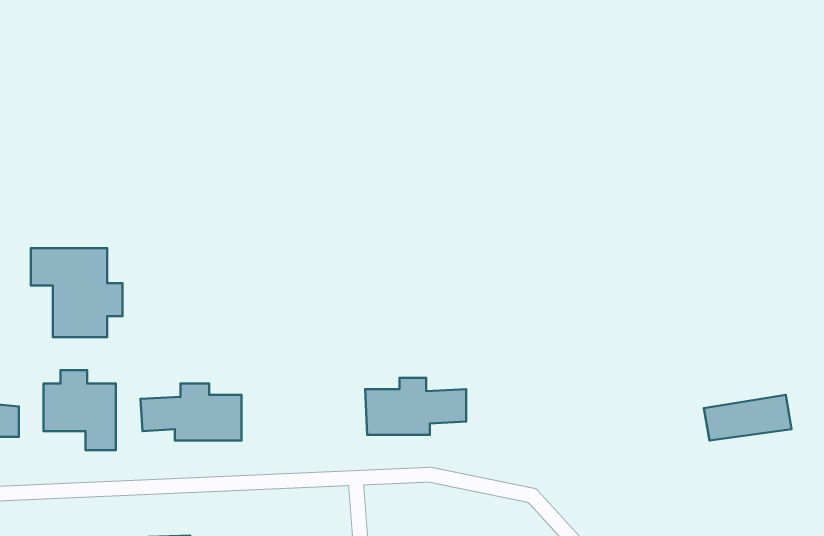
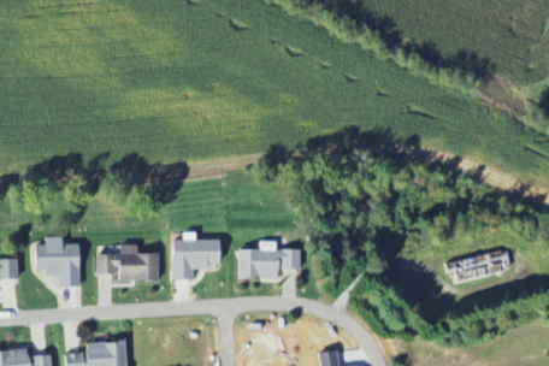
building: [31,248,123,337] -> none
building: none -> [171,238,220,279]

